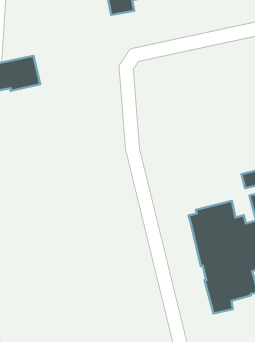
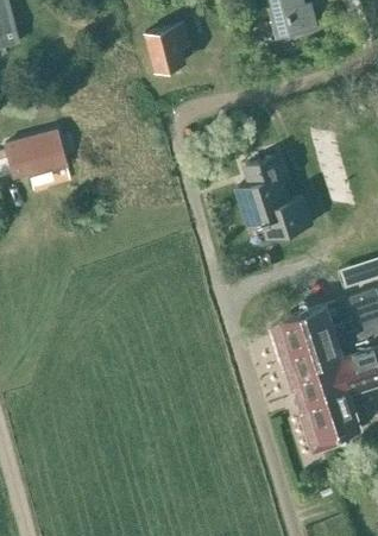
building: none -> [237,157,310,239]

